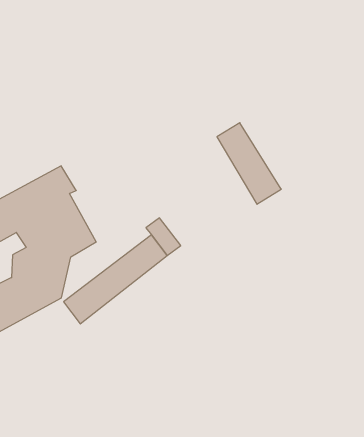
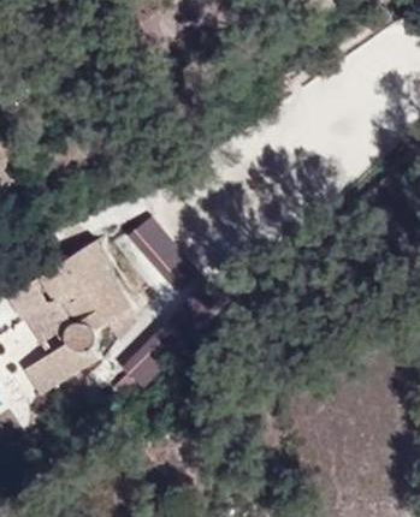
building: [217,123,281,204] -> [124,218,190,293]

